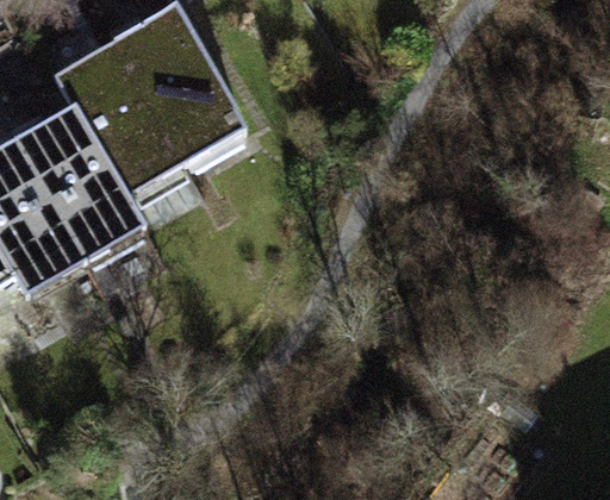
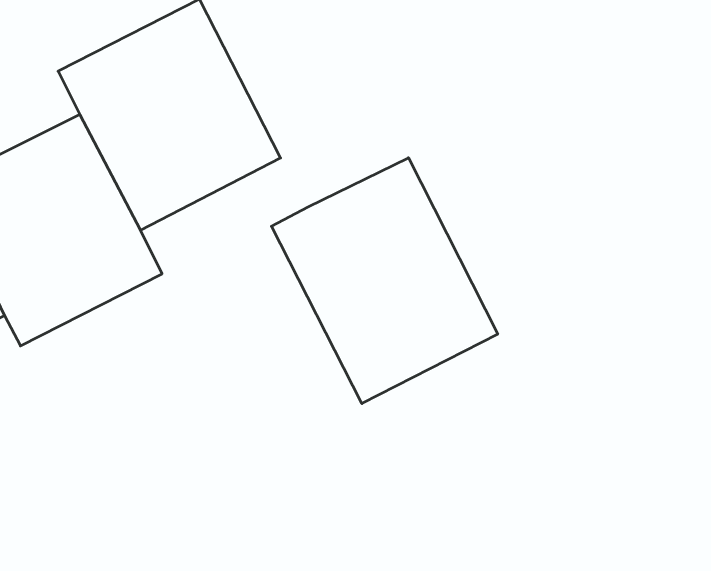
building: none -> [271,158,498,404]

